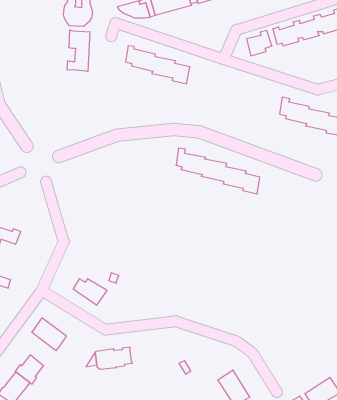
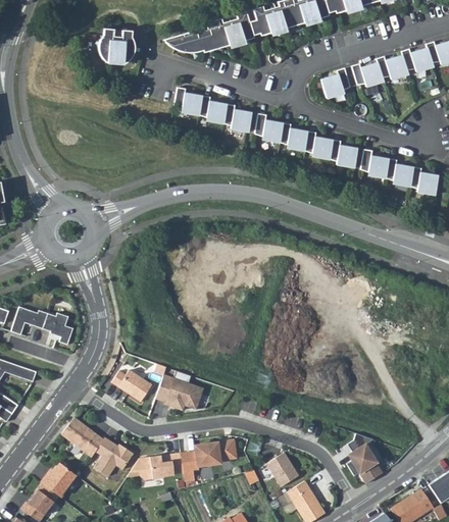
building: [67,30,90,72] -> none
building: [176,148,260,194] -> [255,114,356,169]
building: none -> [42,312,72,344]
building: none -> [155,369,203,409]
building: none -> [346,431,382,482]
building: none -> [93,436,133,476]
building: none -> [180,441,235,469]
building: none -> [265,451,298,485]

